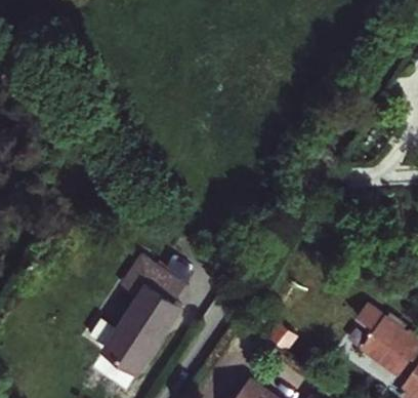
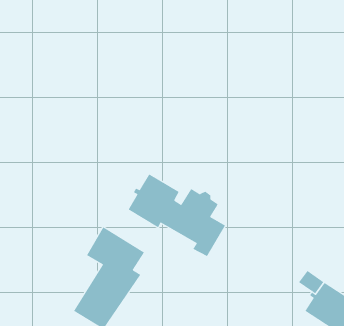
building: none -> [128,173,226,257]

